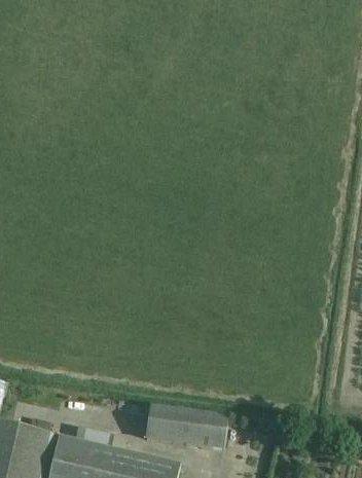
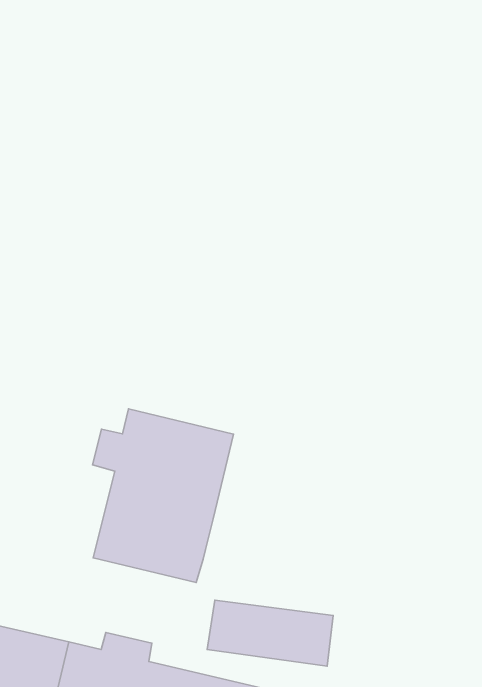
building: none -> [92,409,234,582]

